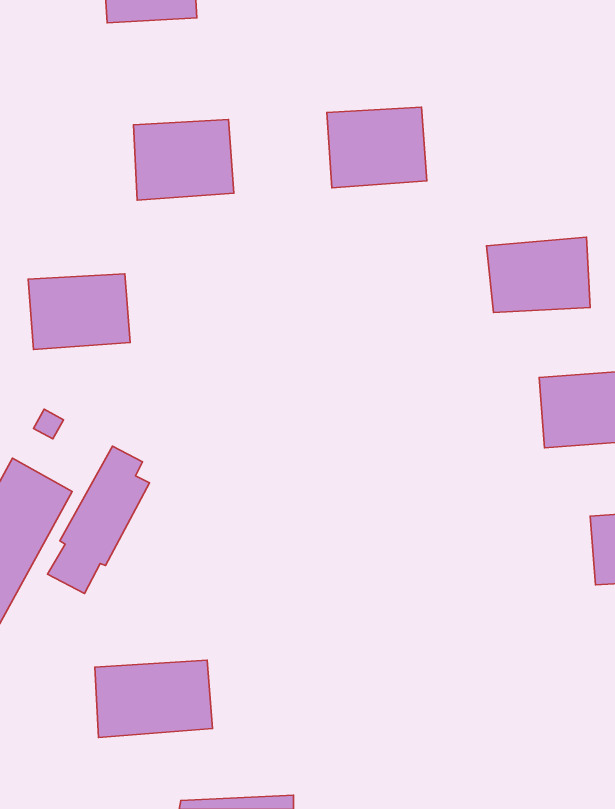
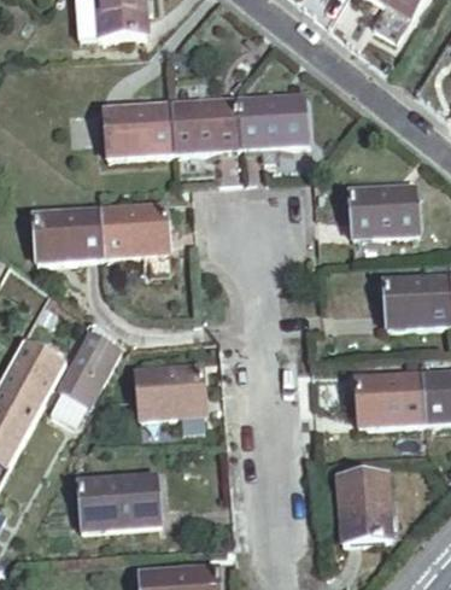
building: none -> [171,98,242,153]
building: none -> [100,204,170,256]
building: none -> [135,366,205,416]
building: none -> [357,375,423,427]
building: none -> [338,475,390,543]

